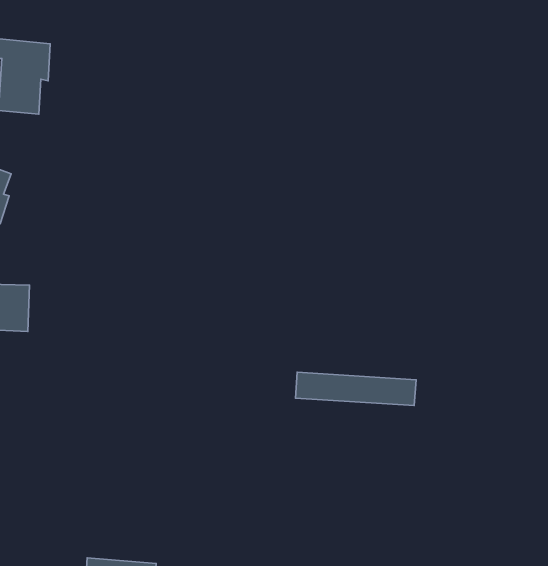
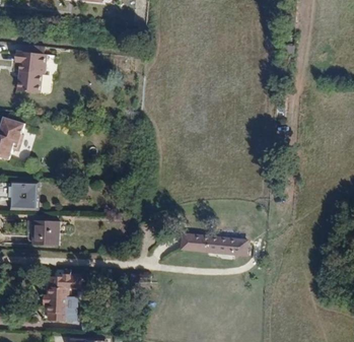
building: none -> [33,221,60,246]
building: none -> [47,277,70,322]

